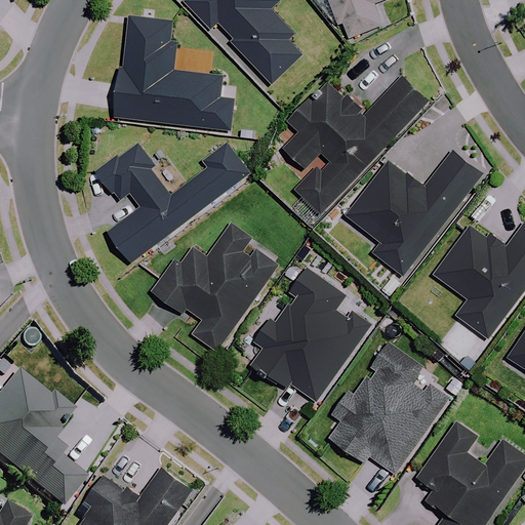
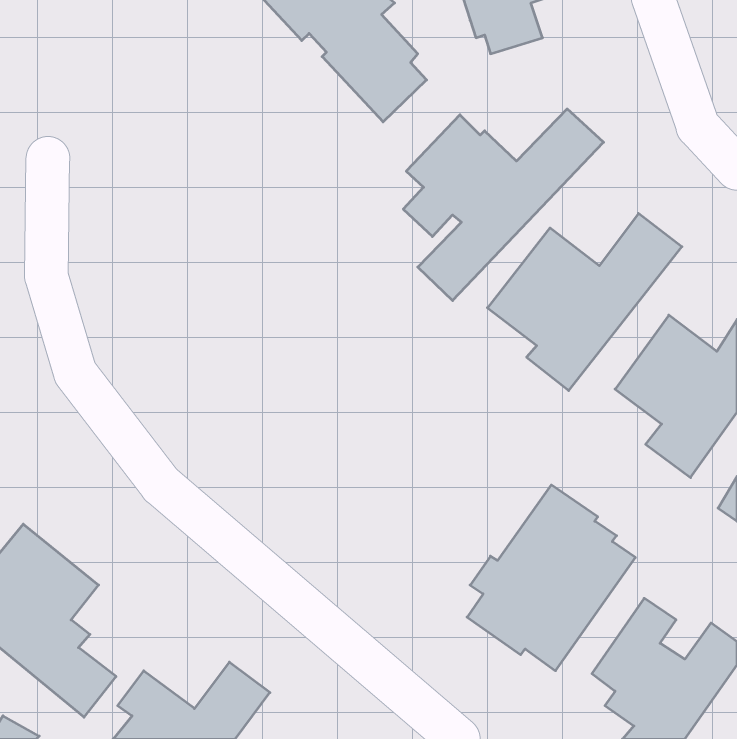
building: [115,16,234,131] -> none
building: [96,144,250,262] -> none
building: [155,226,279,351] -> none
building: [253,269,367,399] -> none

